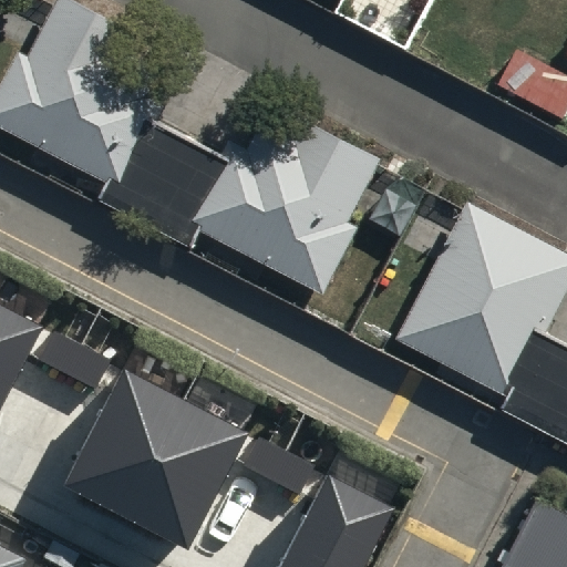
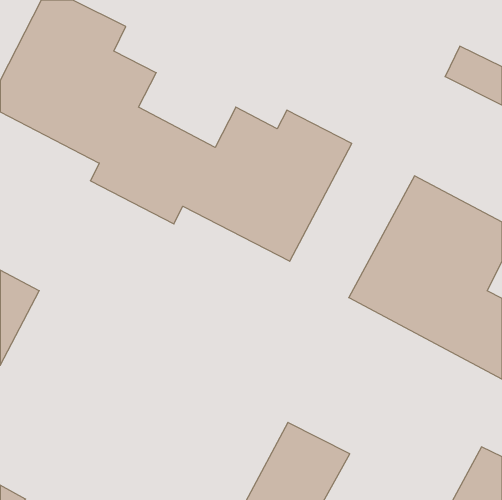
building: [62,370,249,554] -> none

